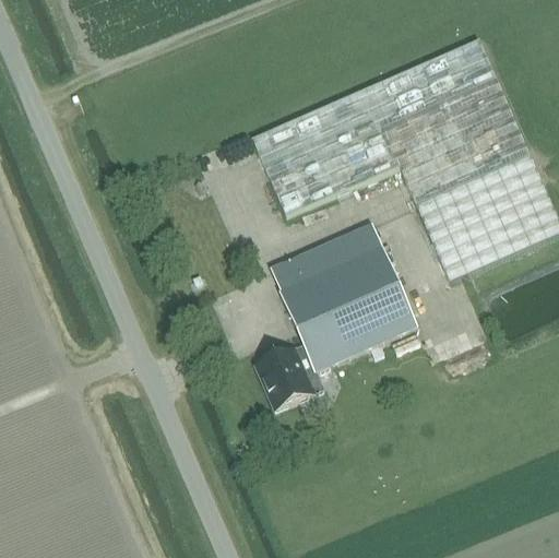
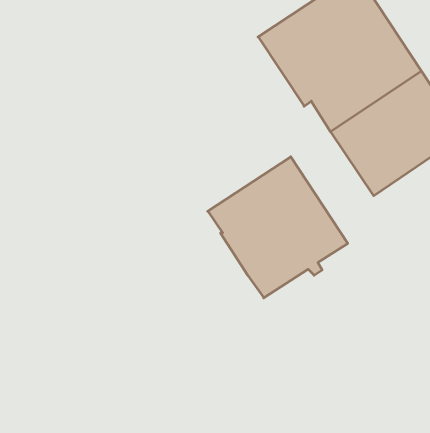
building: [252,88,396,219] -> none
building: [255,346,324,412] -> none

